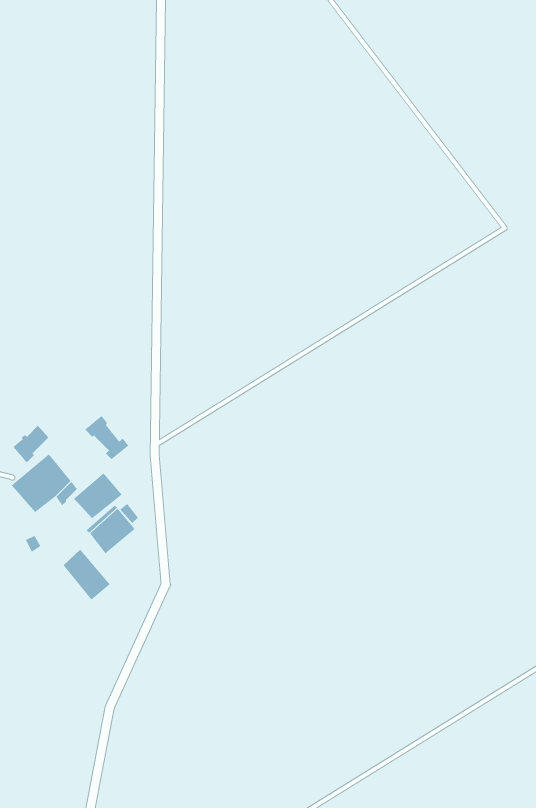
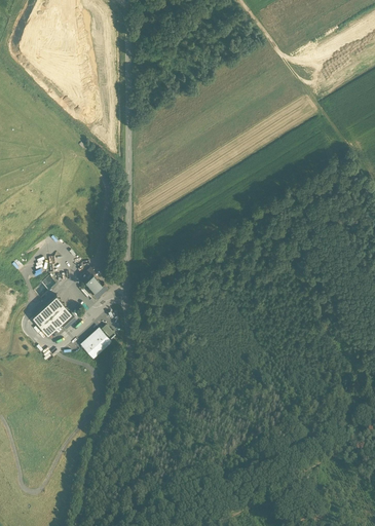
building: [73,473,122,519] -> none
building: [63,549,111,600] -> none

